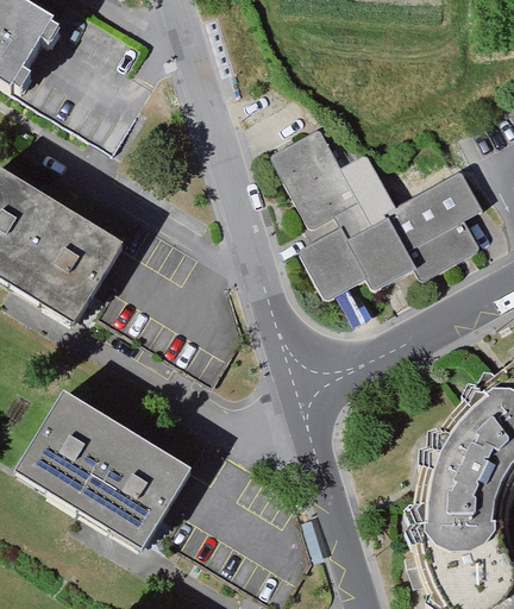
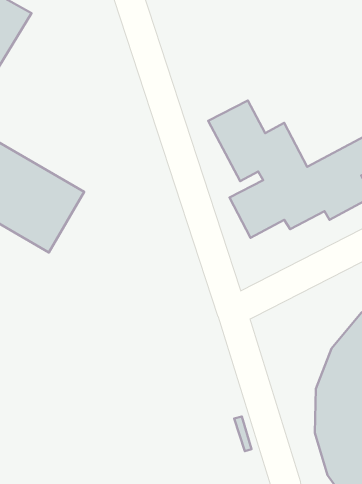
building: [23,398,187,542] -> none

